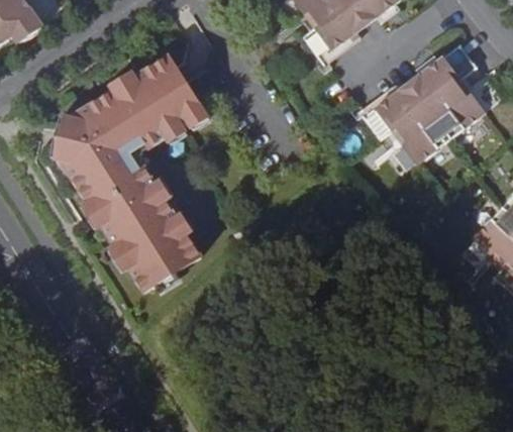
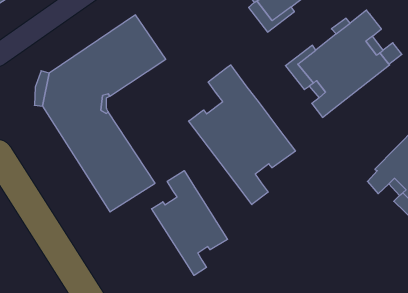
building: none -> [189,65,295,205]
building: none -> [152,171,228,275]

